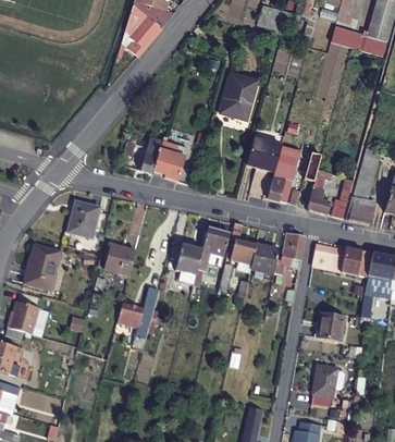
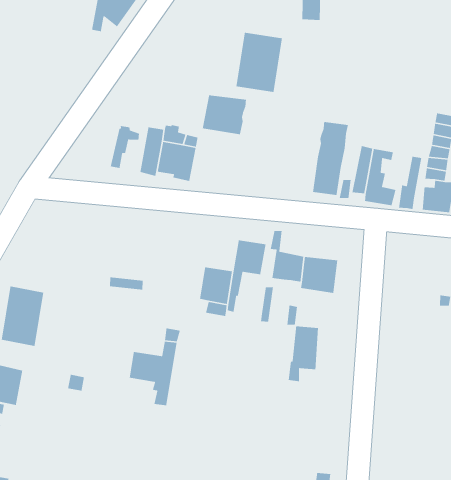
building: [246,139,282,172] -> [202,95,247,135]
building: [69,202,101,238] -> none
building: [276,234,304,277] -> [288,326,319,382]
building: [313,244,362,274] -> none
building: [104,253,134,275] -> none
building: [319,314,346,342] -> none
building: [310,367,340,406] -> none

